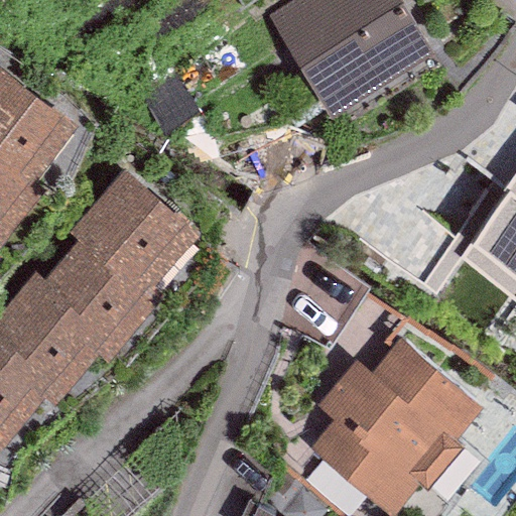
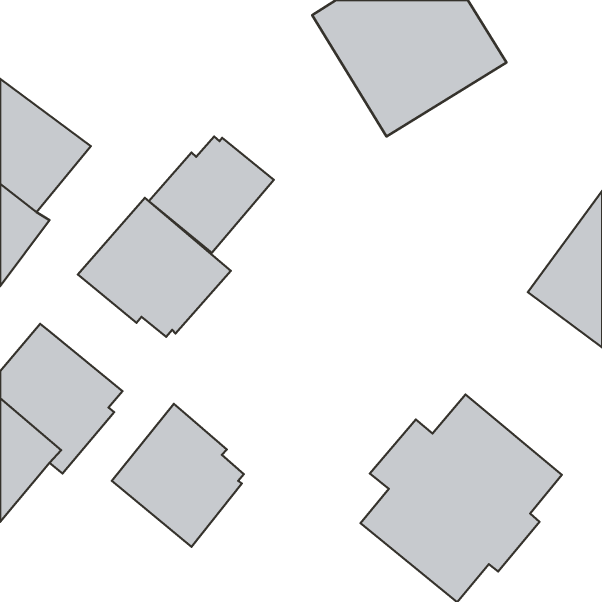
building: none -> [149,136,274,253]
building: [43,244,162,361] -> none
building: none -> [112,404,244,547]

